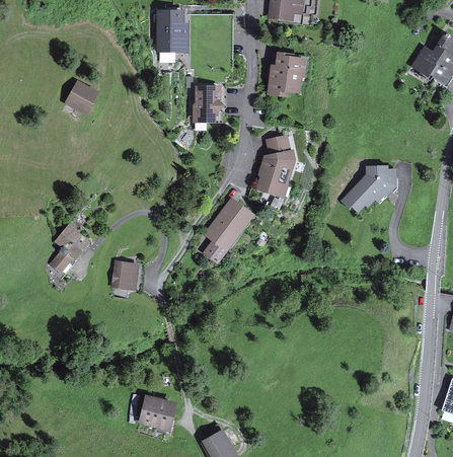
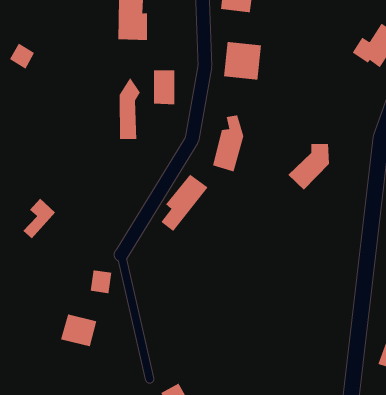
building: [67,82,95,111] -> [9,43,35,69]
building: none -> [119,77,141,140]
building: [114,263,138,290] -> [90,270,112,294]
building: [137,395,177,432] -> [60,314,97,347]

